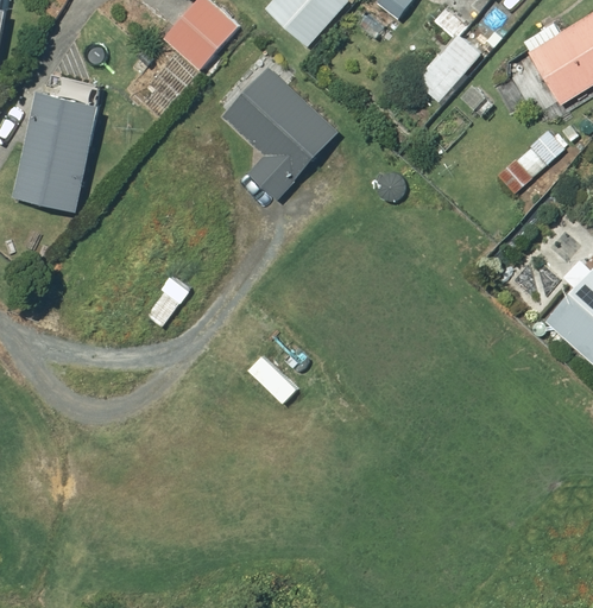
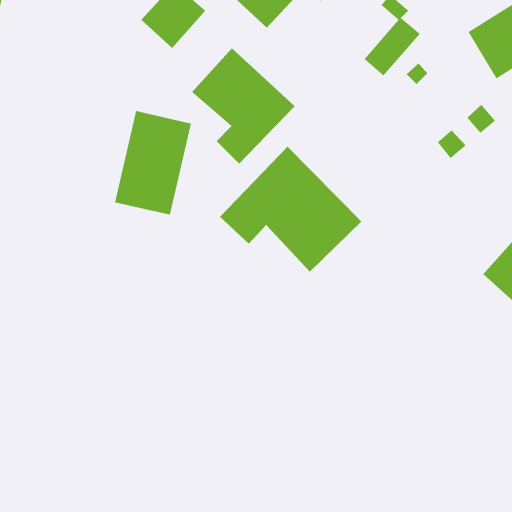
building: [14,93,101,210] -> [114,110,192,216]
building: none -> [219,146,362,273]

